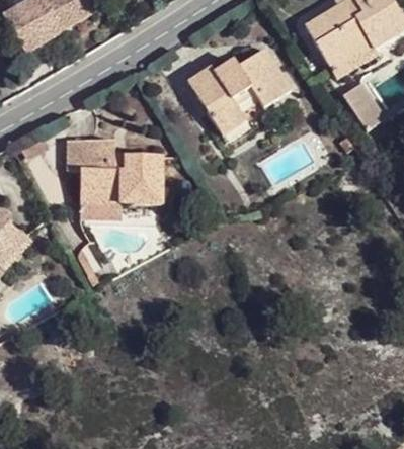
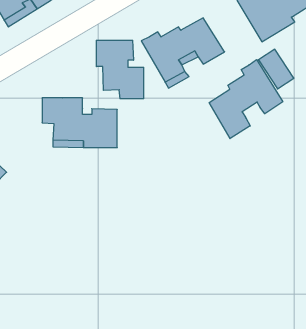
building: none -> [96,40,144,99]
building: none -> [209,60,283,139]

